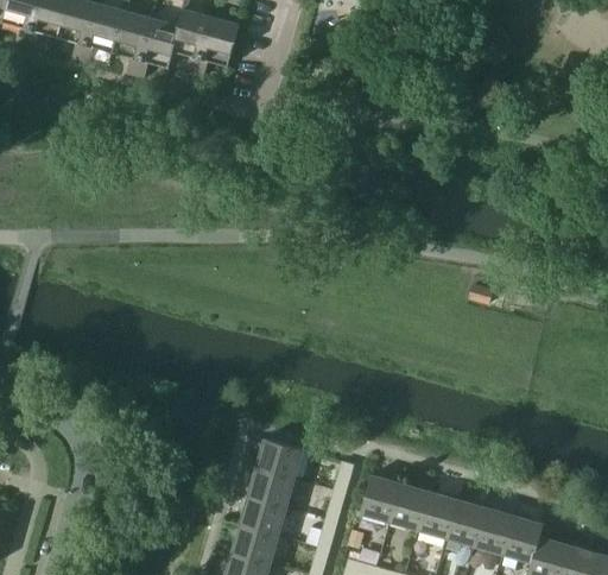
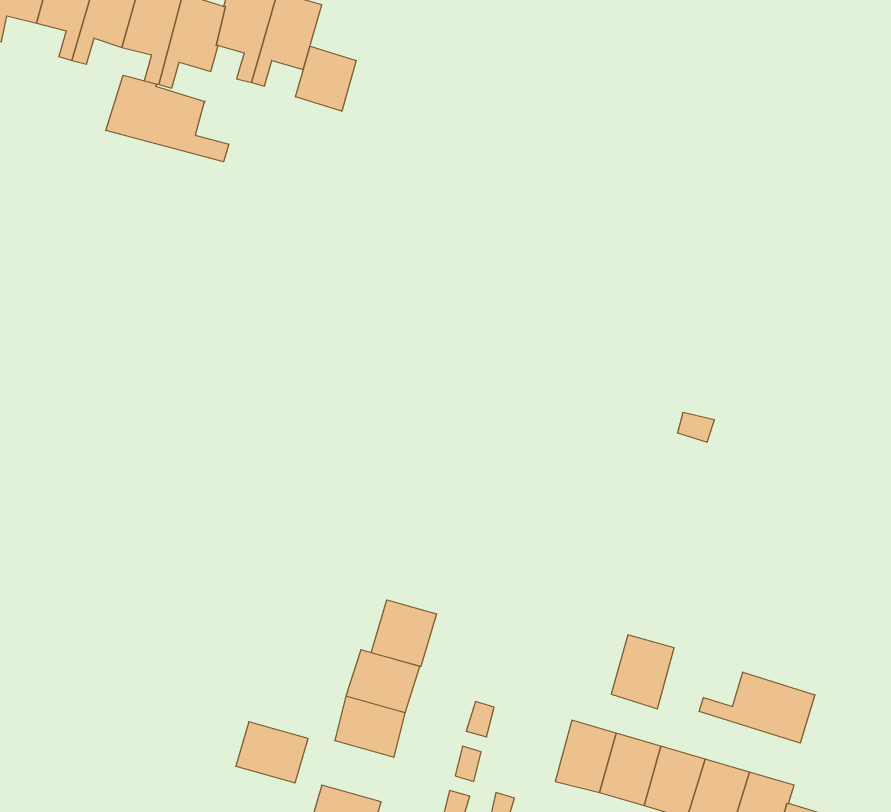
building: none -> [296,46,356,111]
building: none -> [106,75,229,162]
building: none -> [371,600,436,667]
building: none -> [699,672,815,743]
building: [360,474,400,522] -> [611,635,674,709]
building: [240,495,286,535] -> [236,722,308,783]

